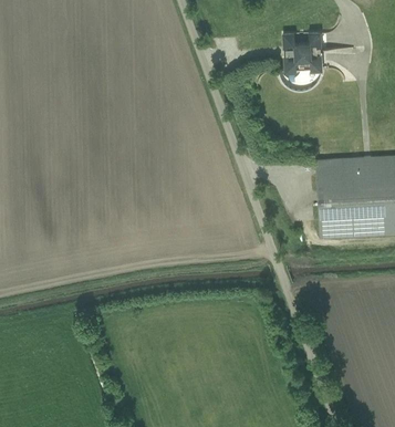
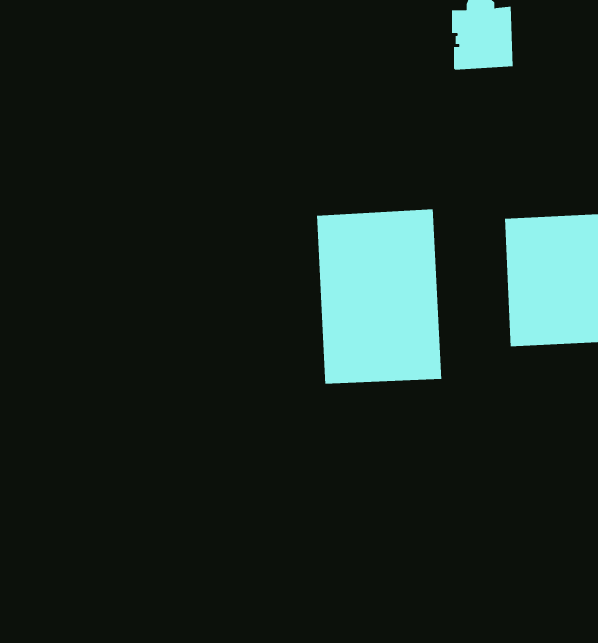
building: none -> [317,209,442,385]

